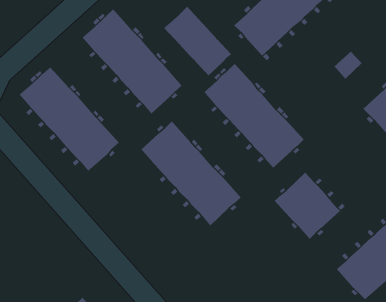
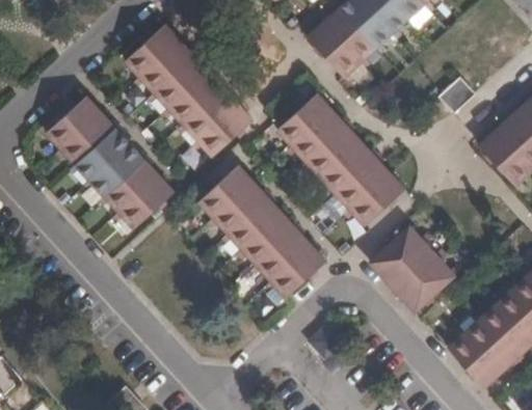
building: [163,6,232,76] -> none

